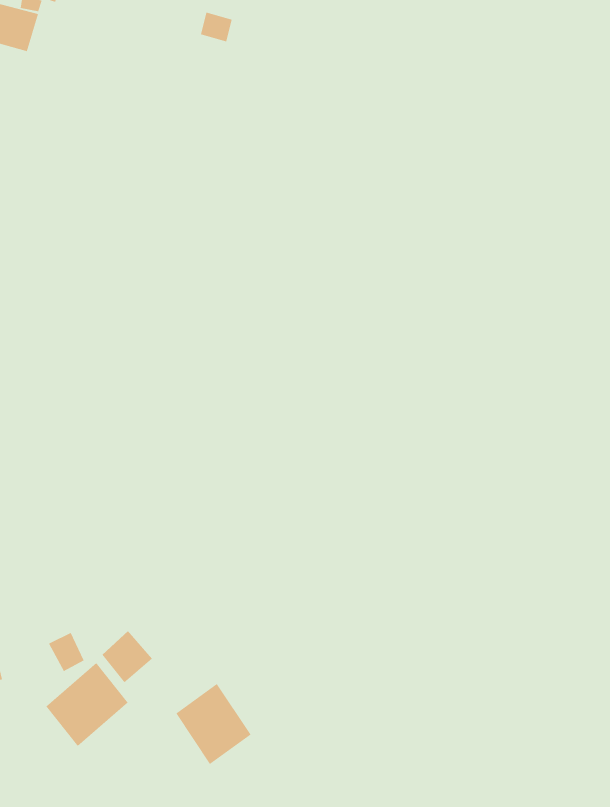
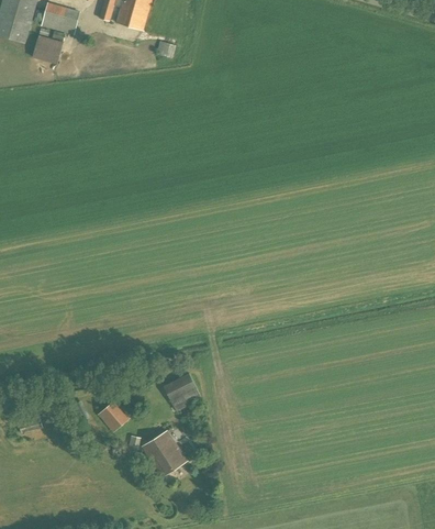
building: none -> [163,373,202,411]
building: [46,662,129,747] -> none

